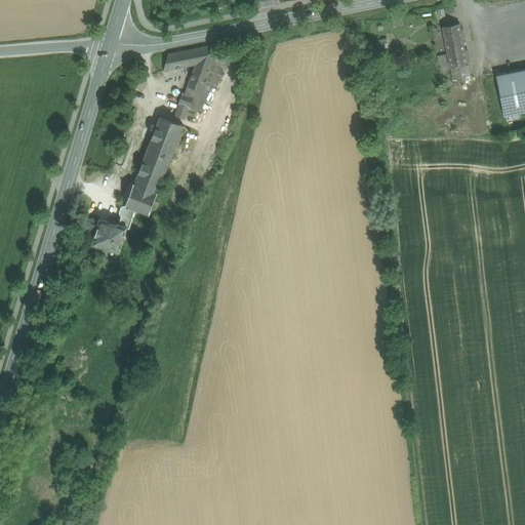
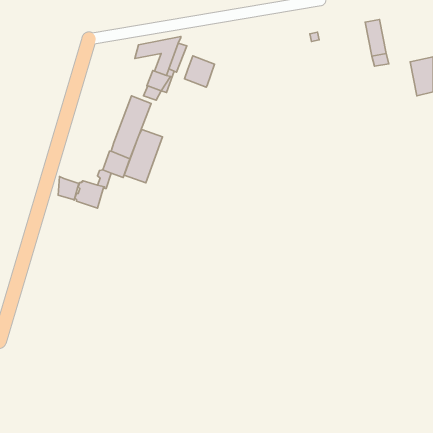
building: none -> [185,56,214,87]
building: none -> [124,130,163,183]
building: none -> [58,177,79,200]

